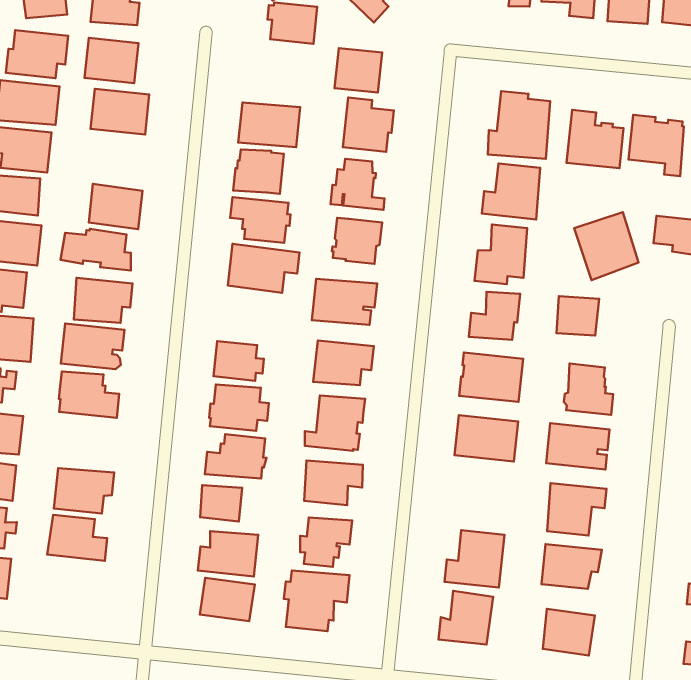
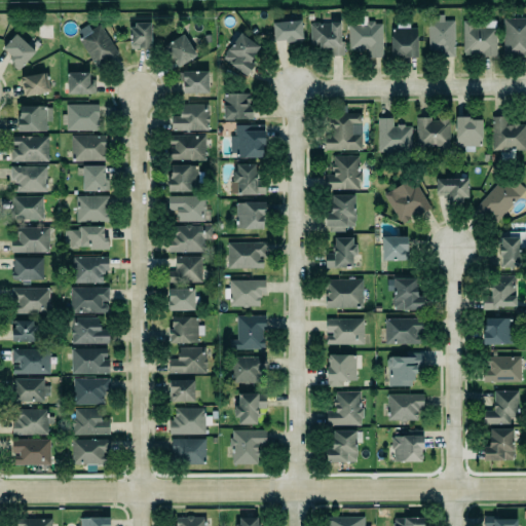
building: none -> [174,105,212,132]
building: none -> [76,164,110,190]
building: none -> [168,256,202,281]
building: none -> [74,348,112,374]
building: none -> [327,353,356,386]
building: none -> [72,439,110,463]

